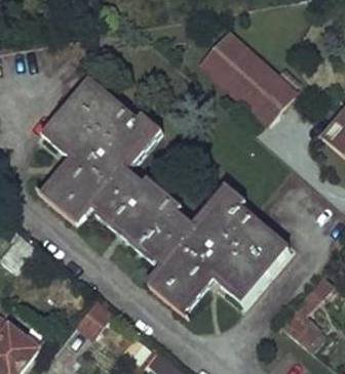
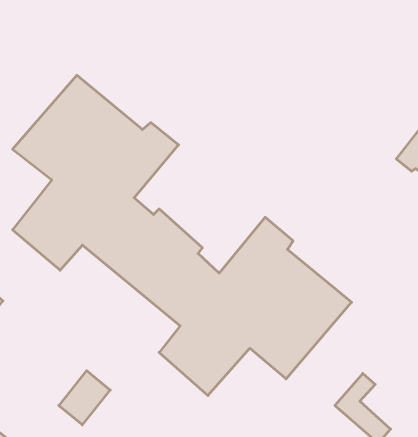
building: [202,33,296,122] -> none

